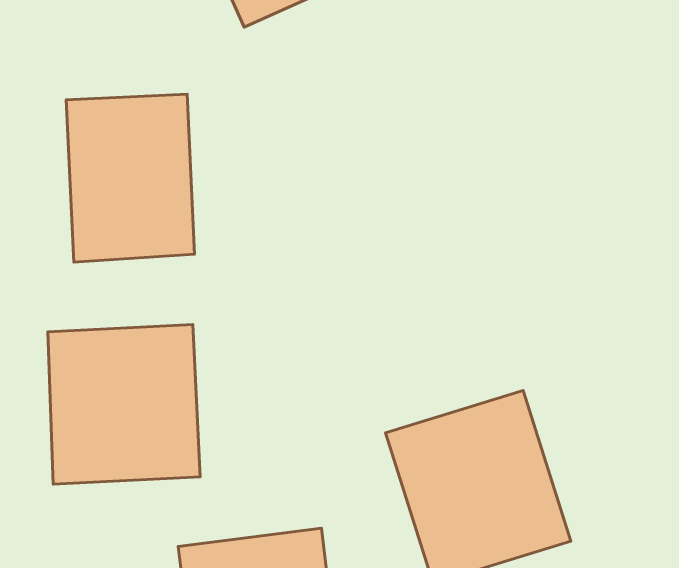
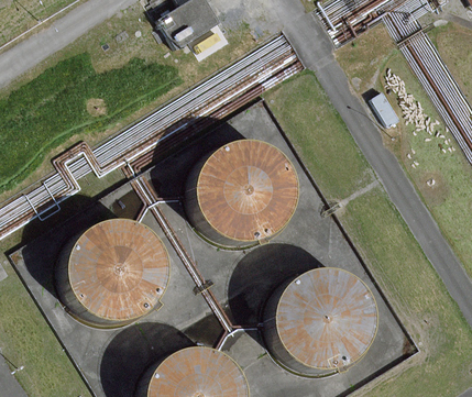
building: [66,94,195,262] -> none
building: none -> [196,145,285,235]

